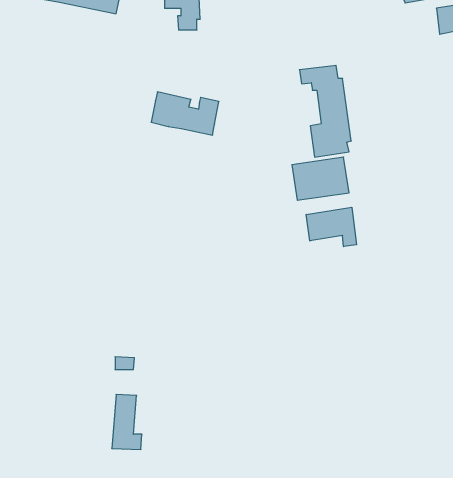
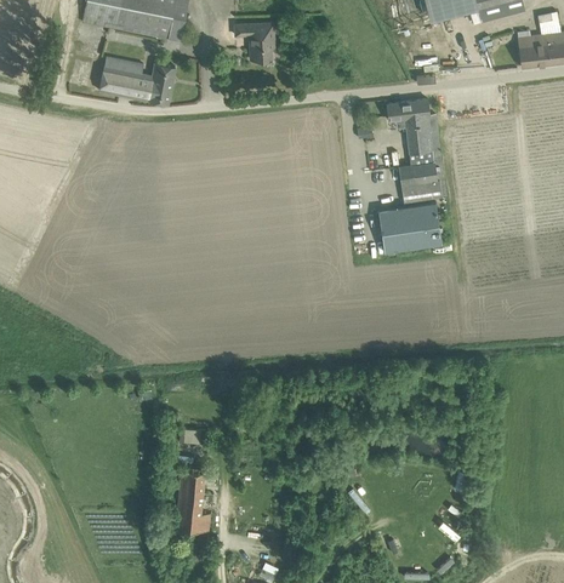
building: none -> [518,34,543,65]
building: [151,92,219,135] -> [98,55,175,103]
building: [306,207,356,247] -> none

